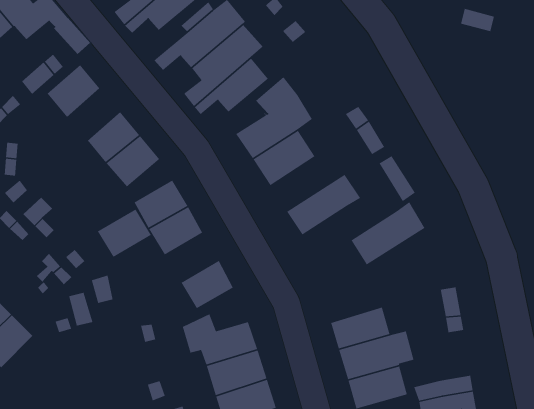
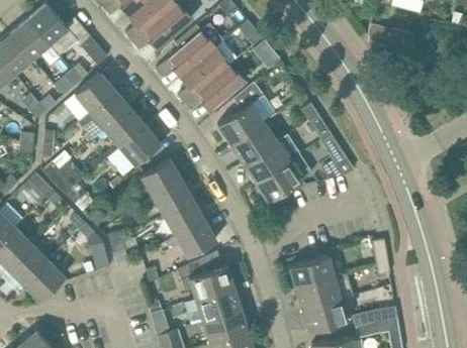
building: none -> [90,91,130,130]
building: [351,201,425,266] -> [244,135,300,184]
building: [97,208,152,258] -> [164,200,205,237]

